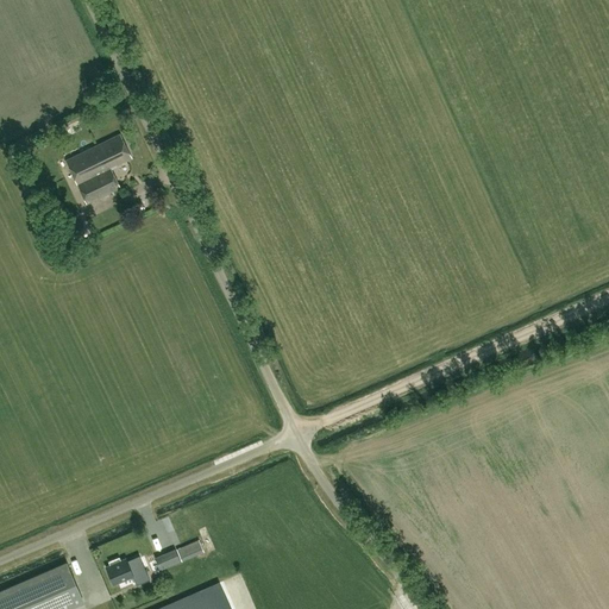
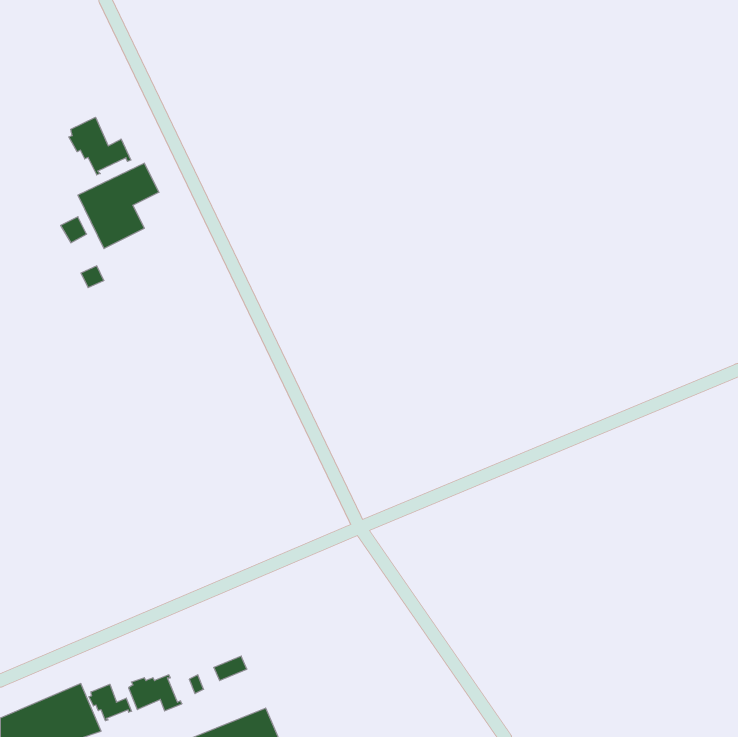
building: none -> [69,117,131,175]
building: none -> [89,684,131,721]

